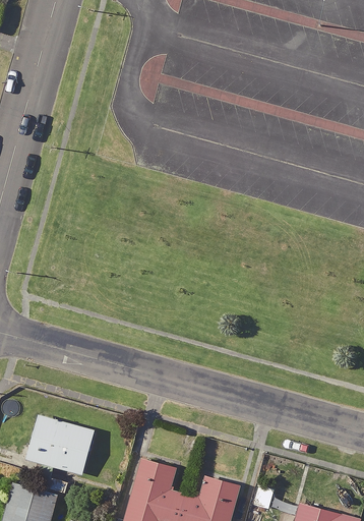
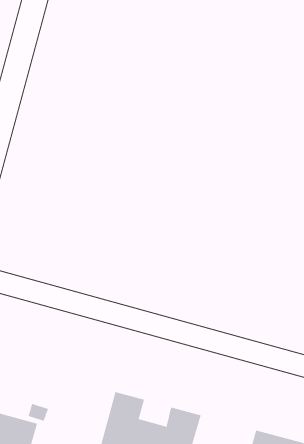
building: [23,415,93,474] -> none

